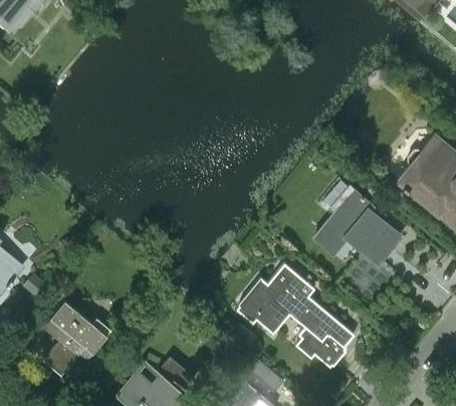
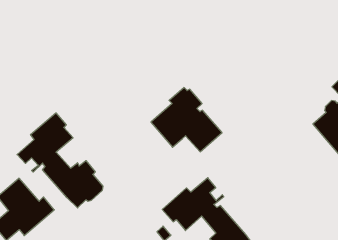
building: [315,191,401,263] -> [151,88,222,152]
building: none -> [17,113,103,208]

